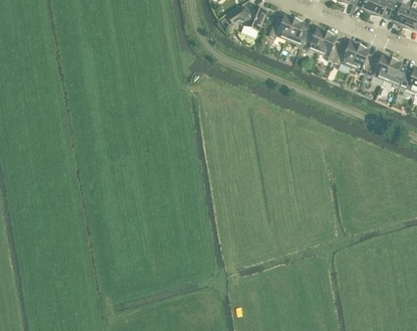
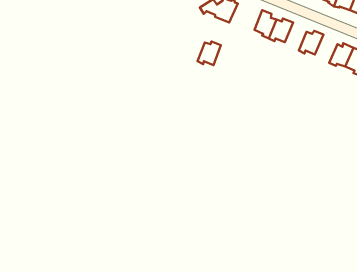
building: [268,14,293,39] -> [197,41,221,65]
building: [318,31,341,61] -> none
building: [350,44,374,74] -> none

